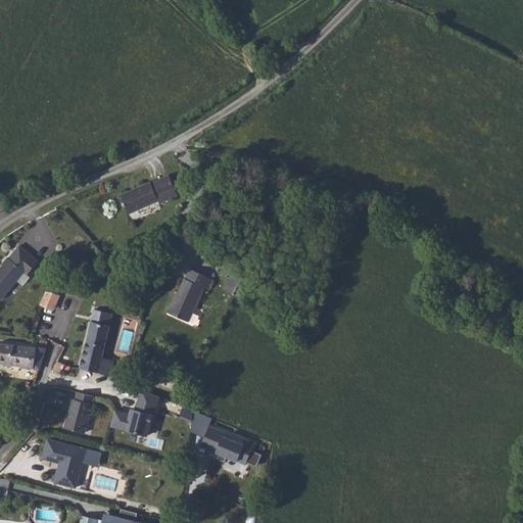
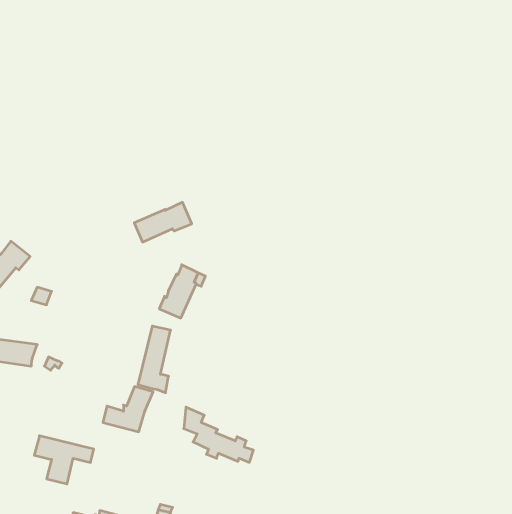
building: [120,175,177,215] -> [134,202,192,242]
building: [79,310,111,376] -> [138,326,171,393]
building: [67,392,93,433] -> none

